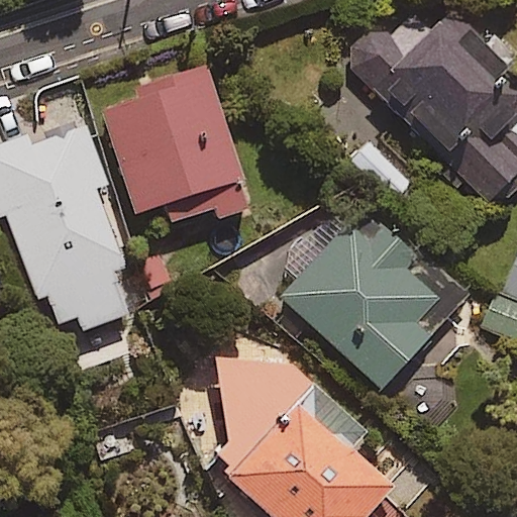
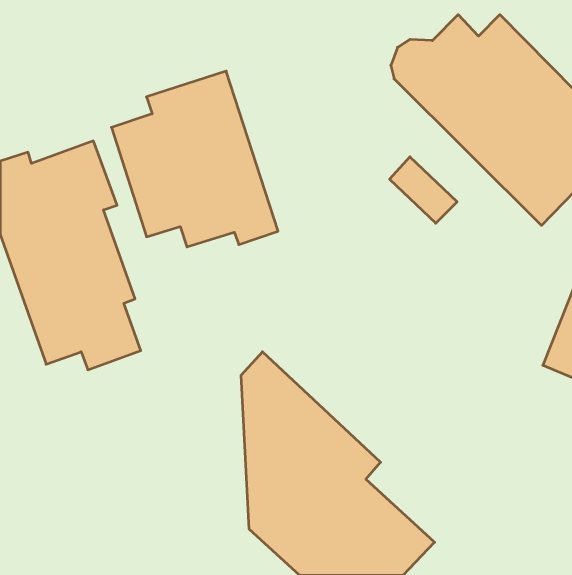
building: [282,206,466,389] -> none

